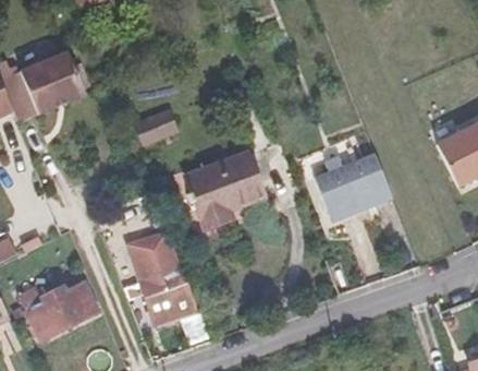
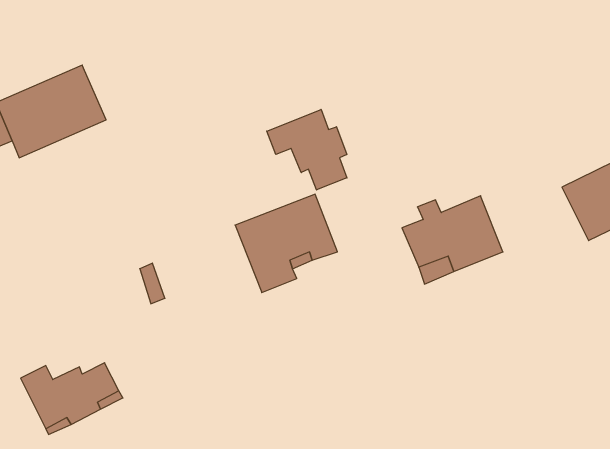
building: none -> [267,109,347,190]
building: [133,107,179,145] -> none
building: [126,230,191,313] -> none

